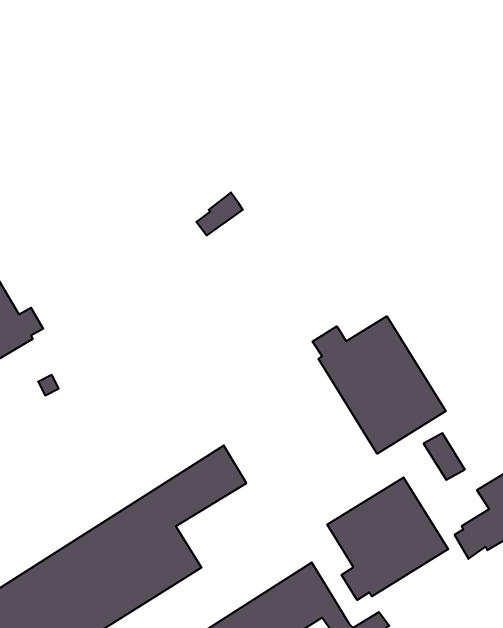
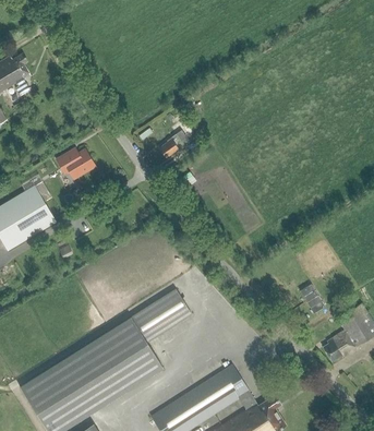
building: none -> [56,148,93,178]
building: [313,316,446,454] -> none
building: [327,477,448,600] -> none

